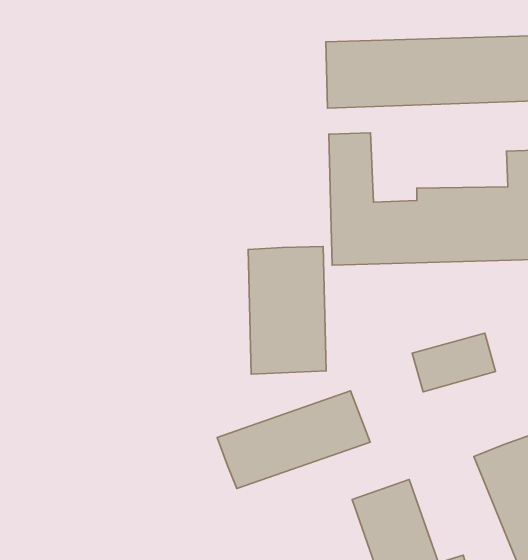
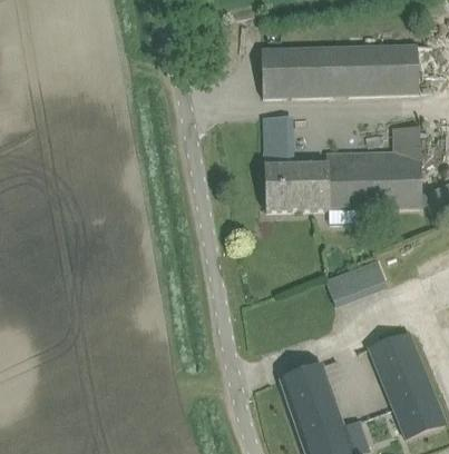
building: [248,246,326,374] -> none
building: [217,391,370,489] -> none

